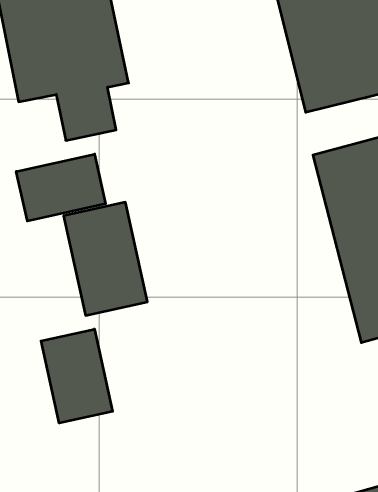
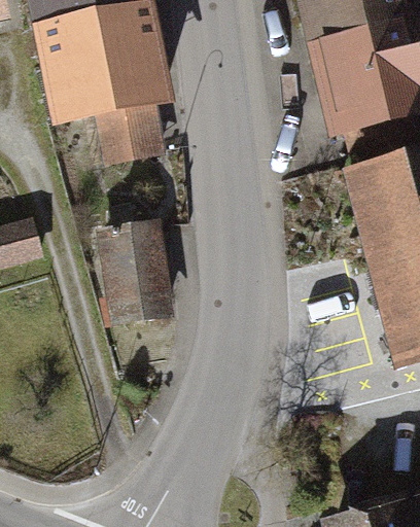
building: [16,154,106,221] -> none
building: [41,329,113,423] -> none

